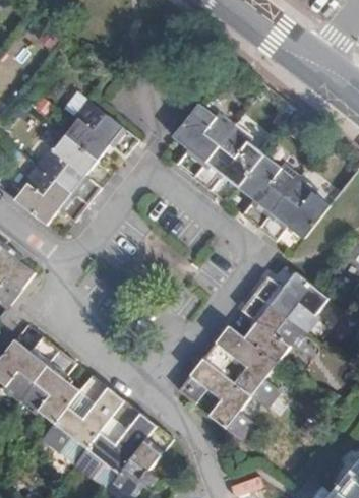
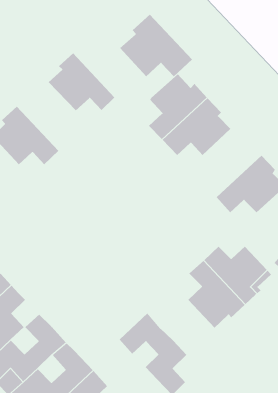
building: none -> [119,14,193,77]
building: [36,134,100,203] -> none
building: [236,153,297,227] -> none
building: [203,325,279,407] -> none

